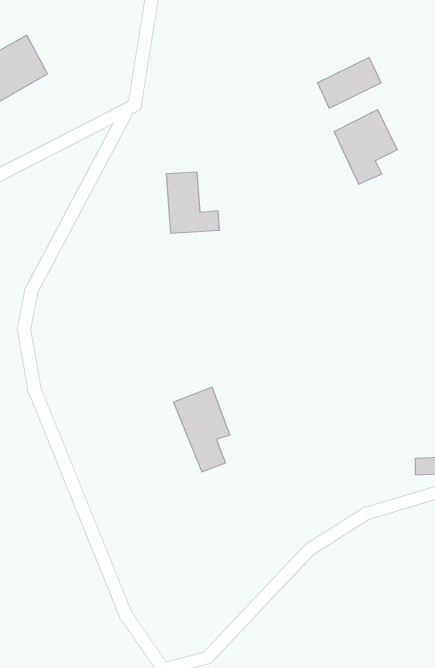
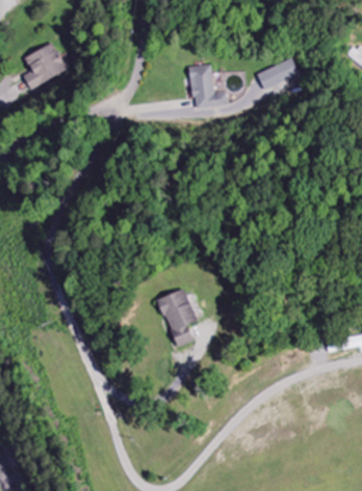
building: [334,110,397,184] -> none
building: [166,172,220,233] -> [190,63,228,106]

